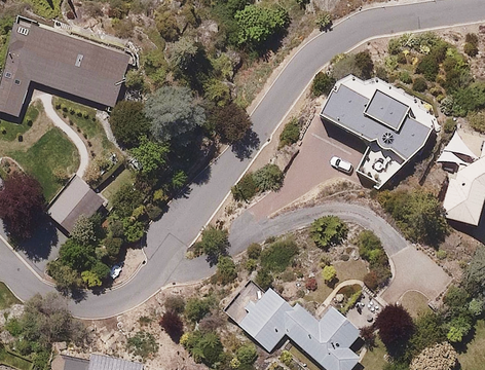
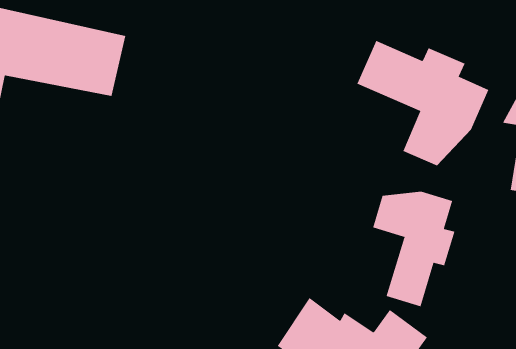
building: [47,176,110,239] -> none
building: none -> [372,191,455,307]

